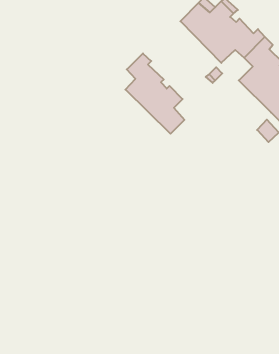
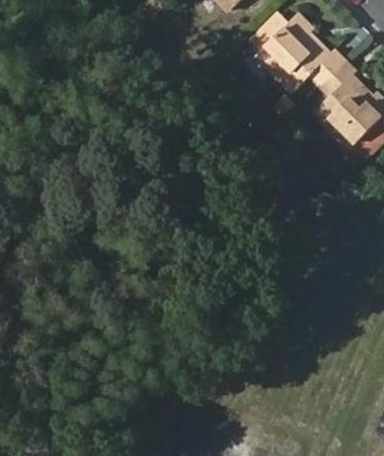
building: [125,53,184,134] -> none

